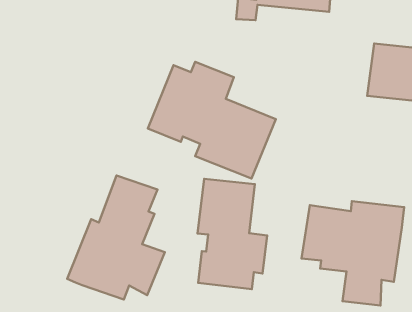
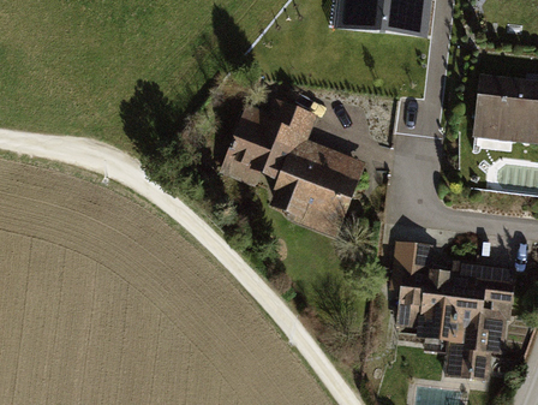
building: [67,175,165,300] -> none
building: [198,179,267,289] -> none

